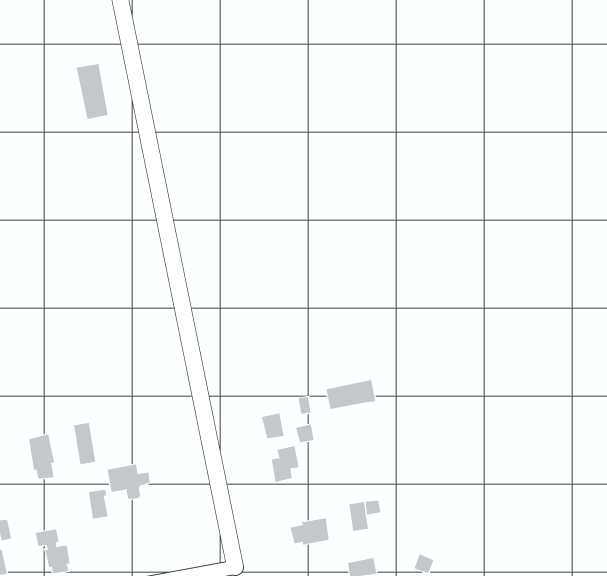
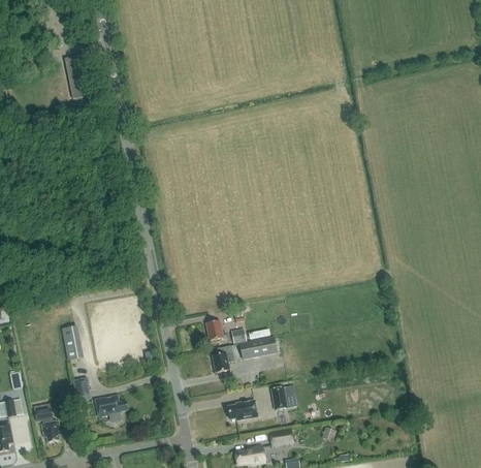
building: [326,380,376,410] -> [239,337,278,360]
building: [28,434,55,480] -> none
building: [107,464,150,499] -> [95,395,128,422]

